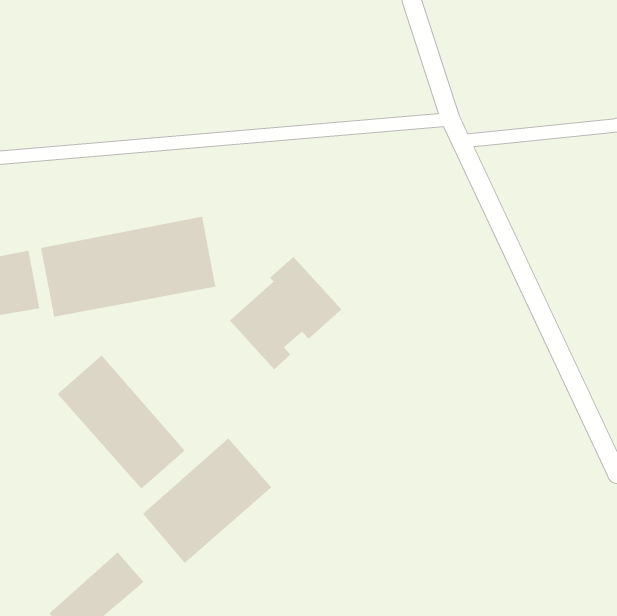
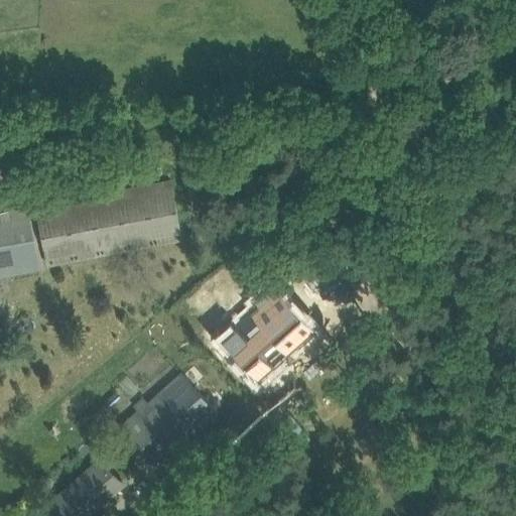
building: [229,256,342,370] -> [219,287,312,382]
building: [57,354,186,490] -> none

